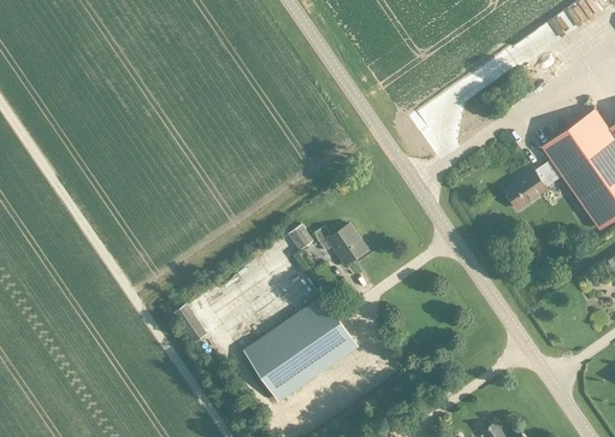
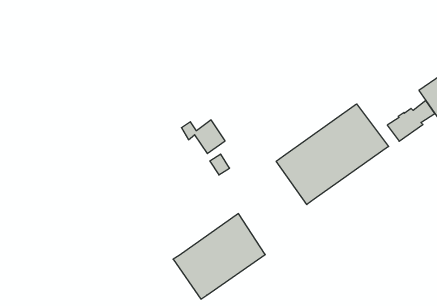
building: none -> [276,104,389,205]
building: [314,223,367,264] -> [181,120,225,154]

